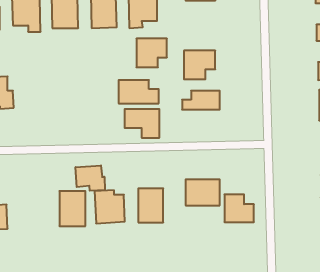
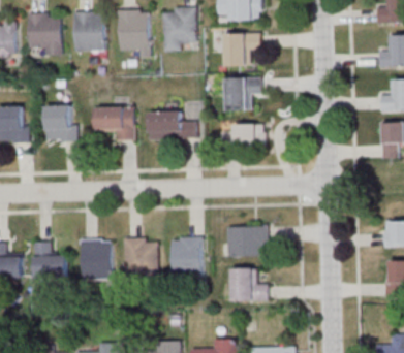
building: [136,39,167,67] -> [224,32,259,65]
building: none -> [44,106,76,142]
building: [125,109,159,138] -> [94,106,134,139]
building: [76,165,105,191] -> none
building: none -> [34,242,66,280]
building: [224,194,254,222] -> [232,267,267,299]

